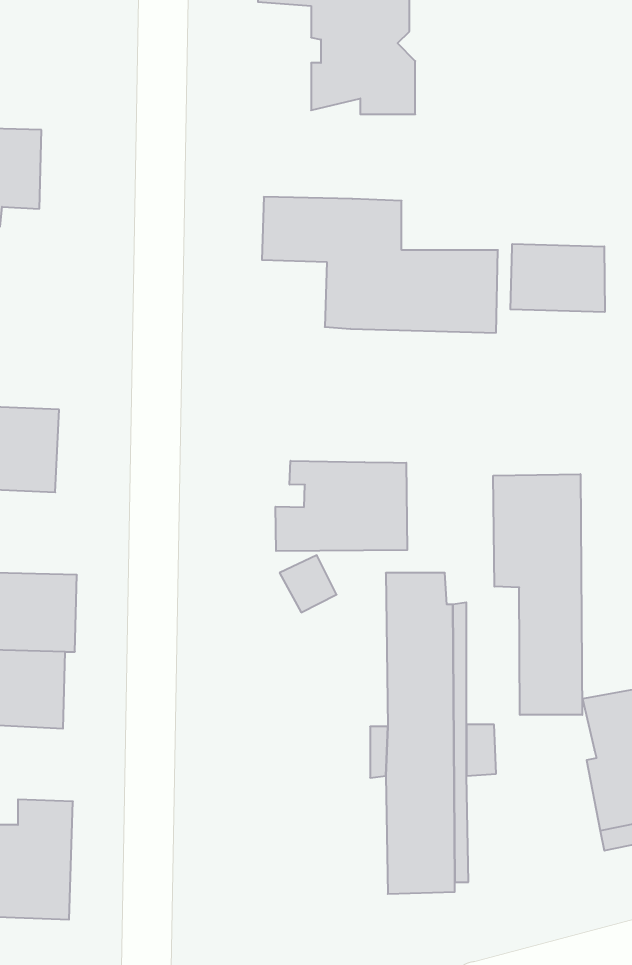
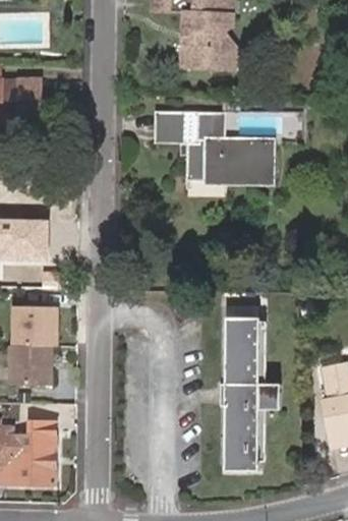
building: [510,244,605,312] -> none
building: [276,461,407,551] -> none
building: [493,474,582,715] -> none

